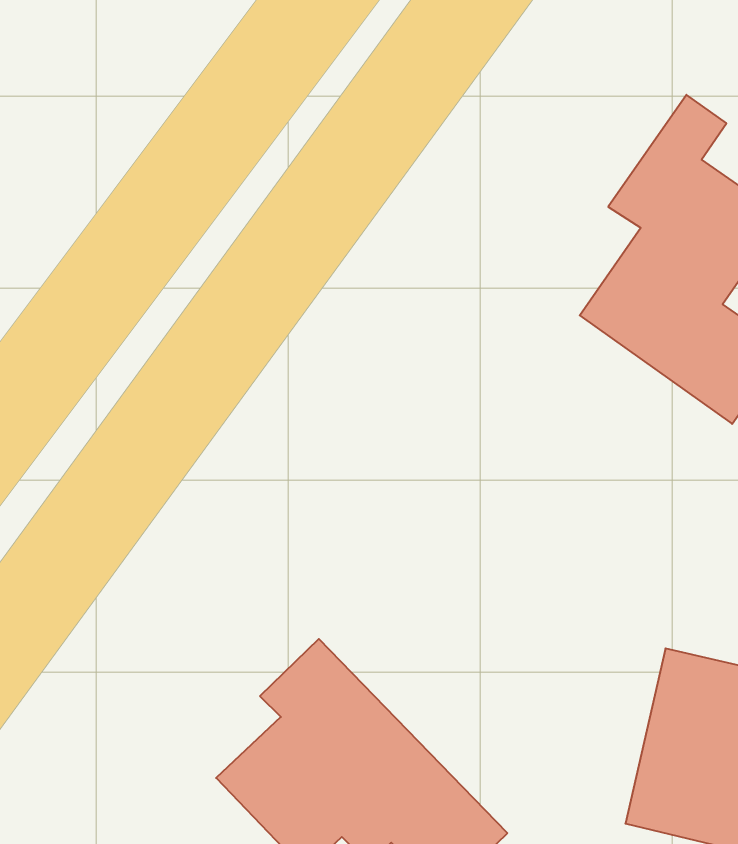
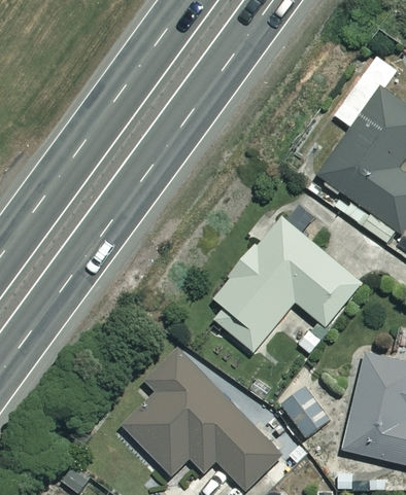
building: none -> [213,216,362,351]
building: none -> [274,384,328,437]

